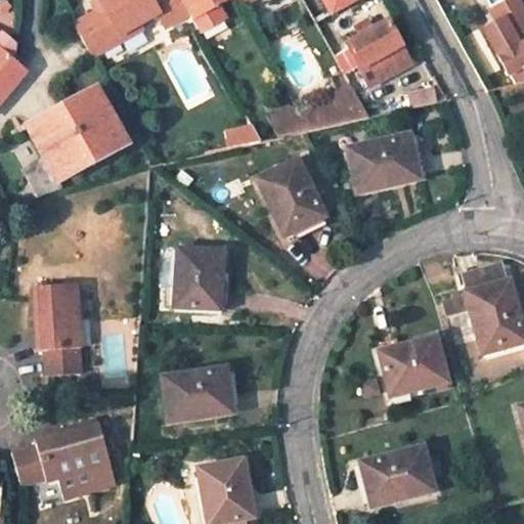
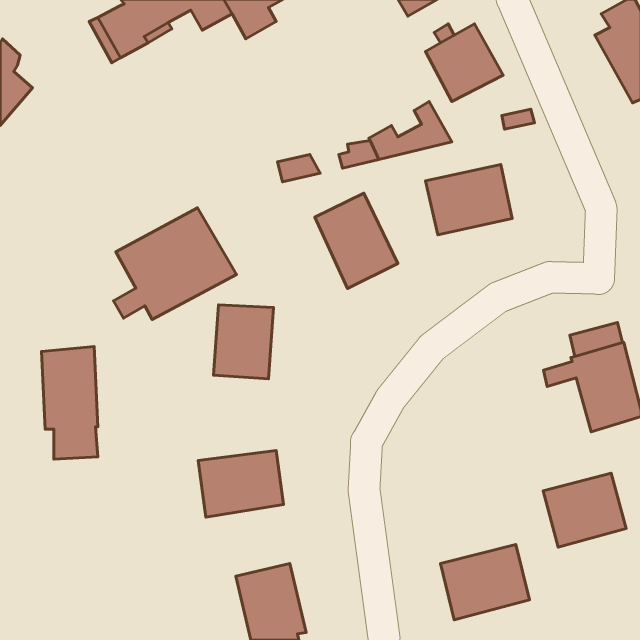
building: [28,90,128,181] -> [113,208,236,320]
building: [380,336,447,396] -> [543,473,626,547]
building: [17,423,114,498] -> none

